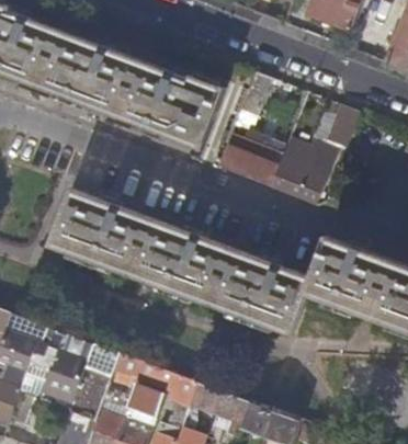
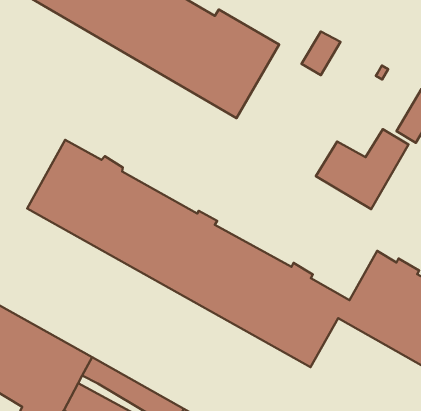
building: [220,129,283,184] -> none

